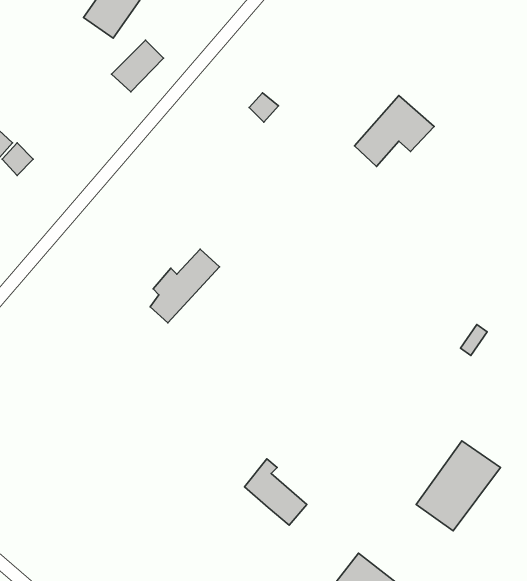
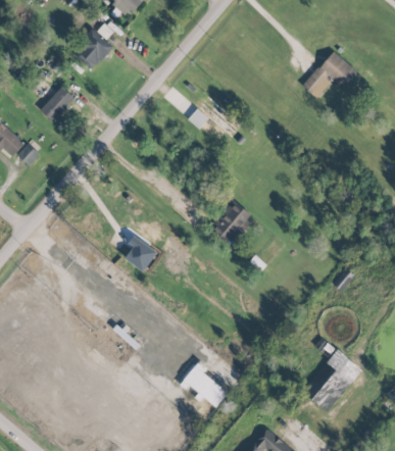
building: [112,40,163,92] -> [40,87,76,122]
building: [354,96,434,166] -> [303,51,358,100]
building: none -> [210,202,252,245]

